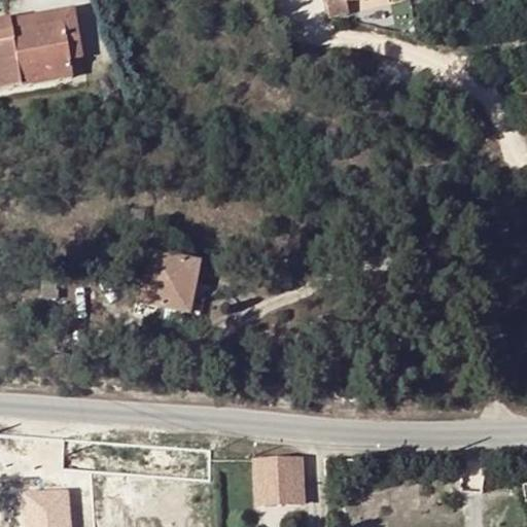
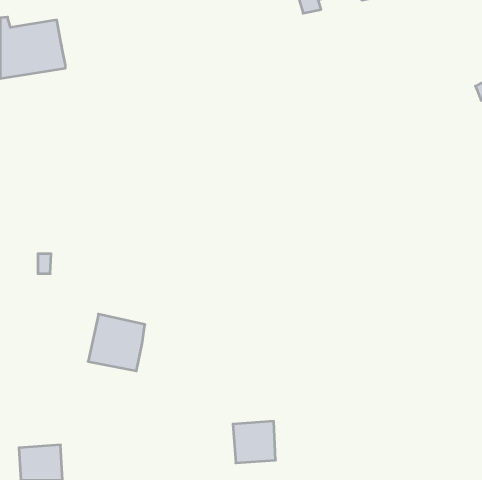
building: [10,8,81,49] -> none
building: [140,251,202,313] -> [88,314,145,371]

